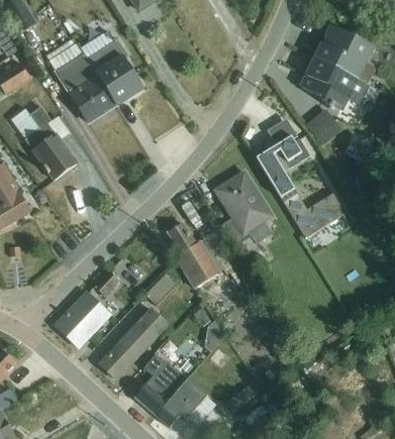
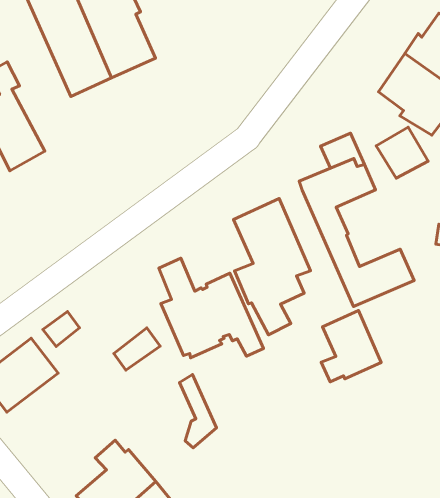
building: none -> [321,311,381,382]
building: [99,308,168,378] -> none

